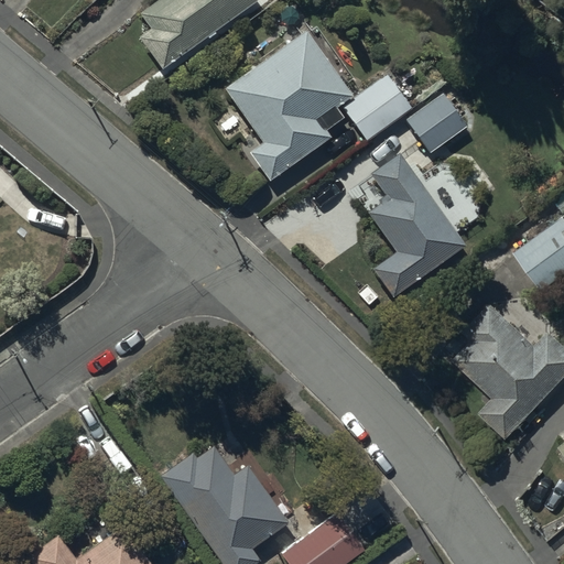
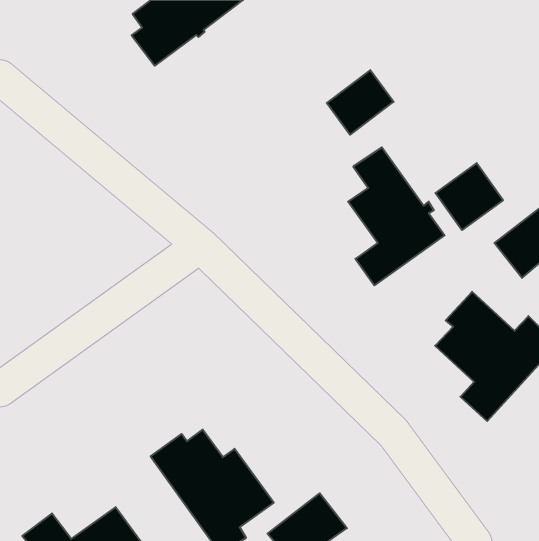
building: [225,33,351,181] -> none
building: [405,91,467,152] -> none
building: none -> [435,163,503,230]

